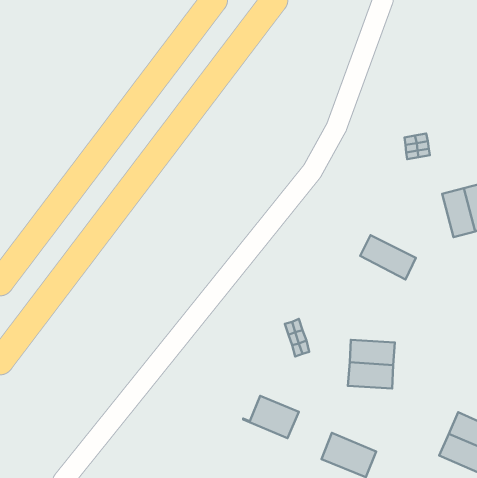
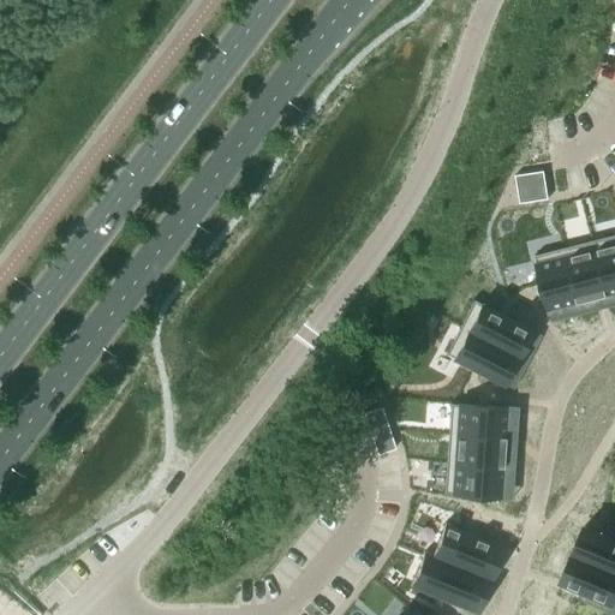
building: none -> [541,251,584,314]
building: none -> [450,330,523,387]
building: none -> [453,407,512,441]
building: [243,396,299,438] -> [429,526,500,580]

